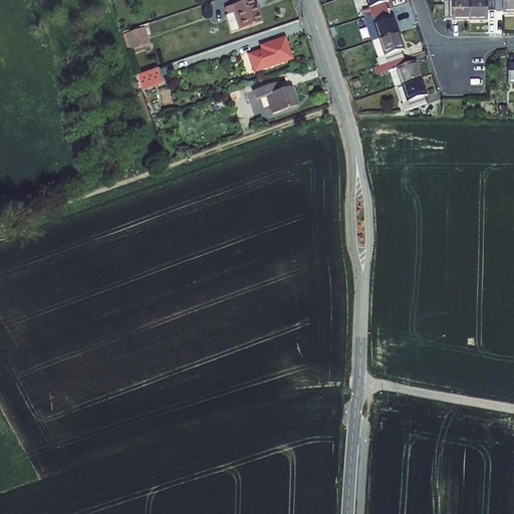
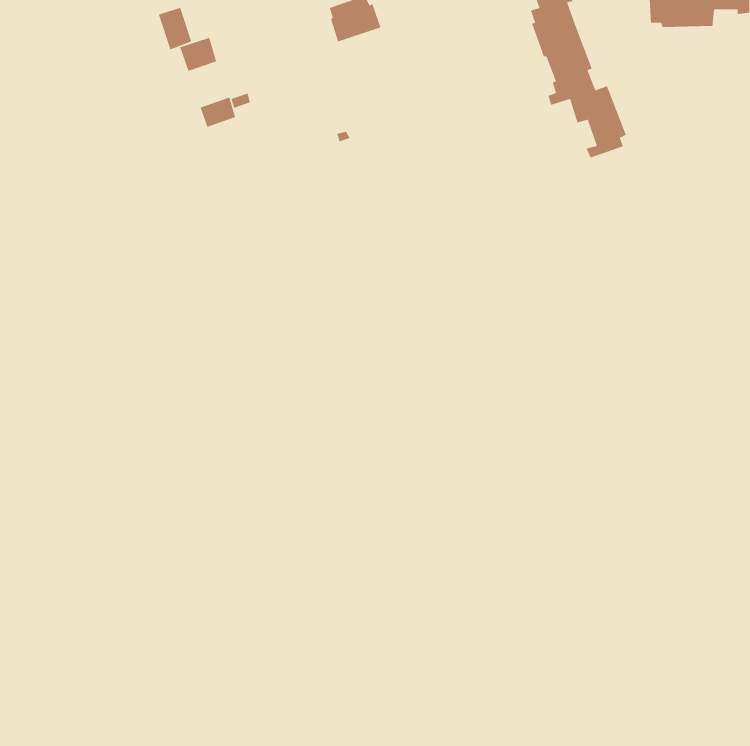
building: none -> [158,7,192,50]
building: [247,35,290,69] -> none
building: [253,80,297,111] -> none

